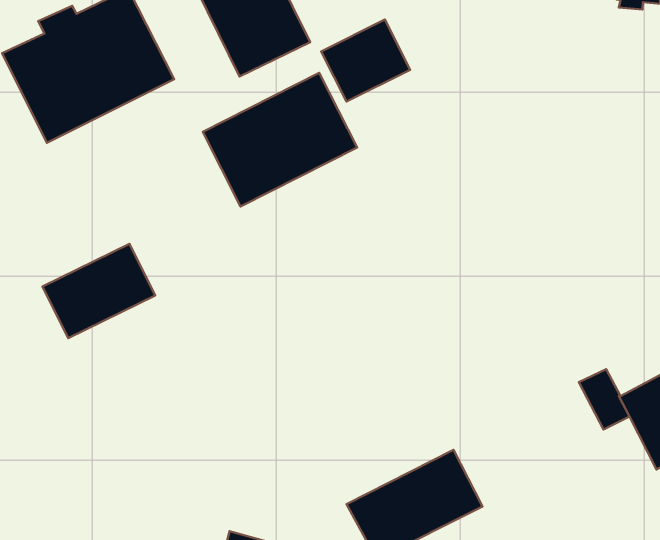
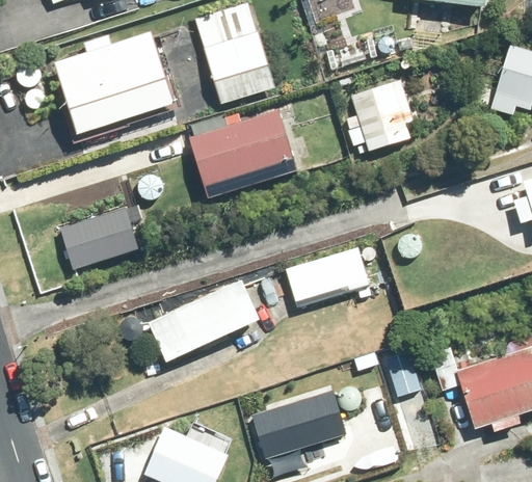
building: [321,20,410,102] -> [351,82,413,136]
building: none -> [285,249,368,309]
building: none -> [148,280,259,362]

